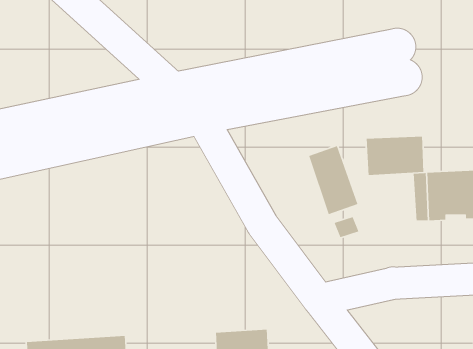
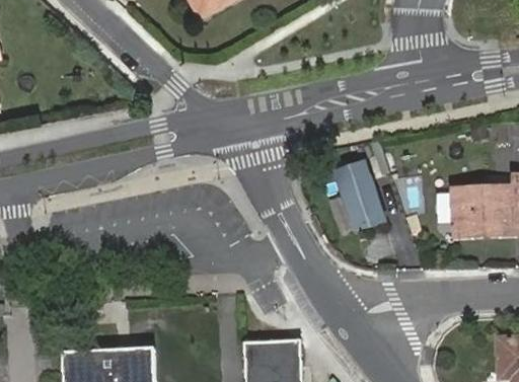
building: [366,136,424,176] -> none

